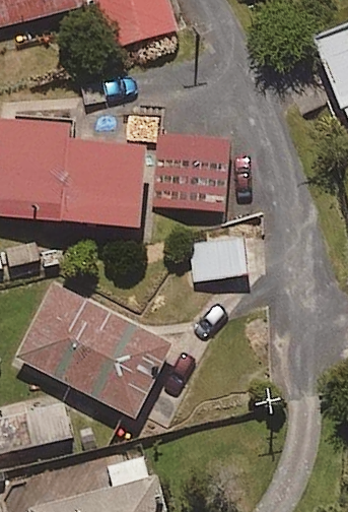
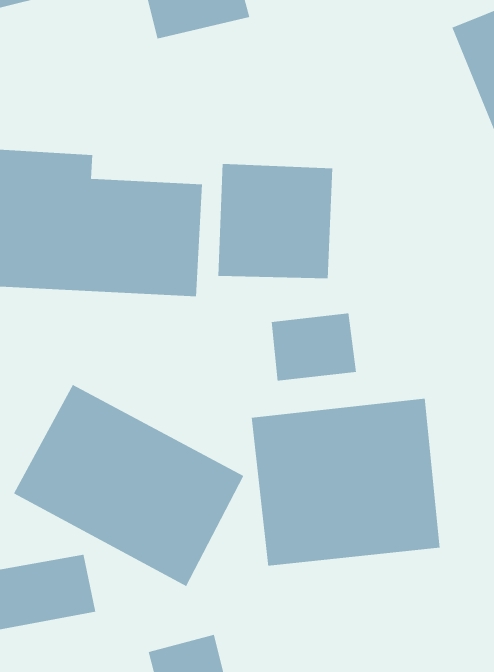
building: none -> [251,398,440,566]

